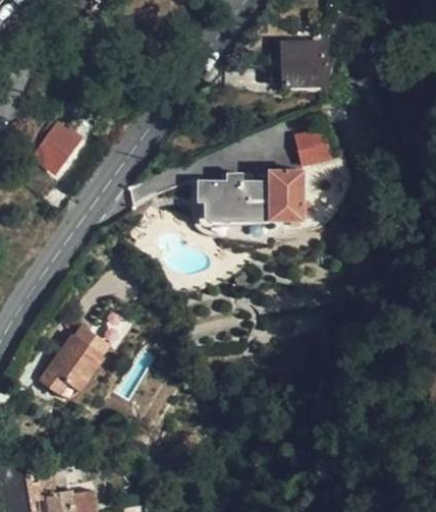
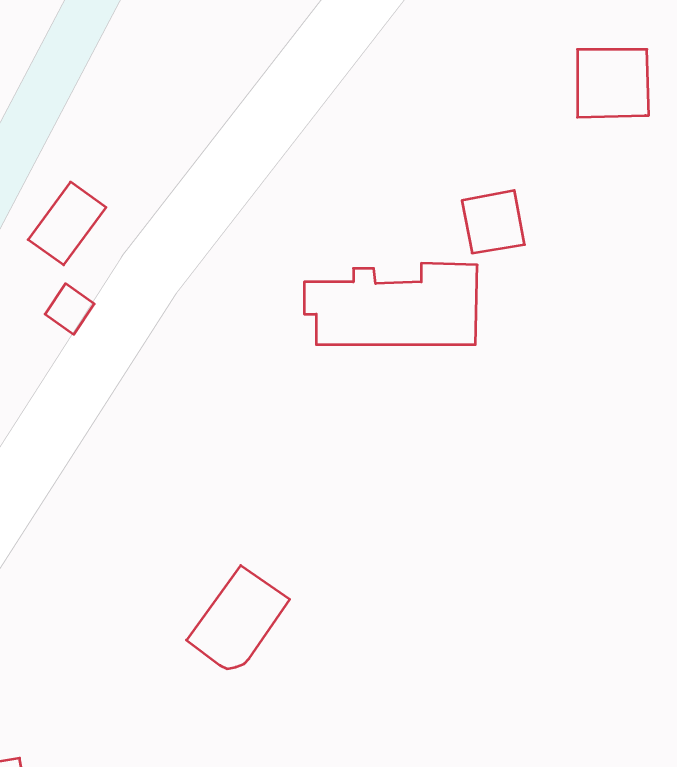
building: [283,44,326,84] -> [577,49,649,117]
building: [41,336,103,398] -> [186,565,290,669]

